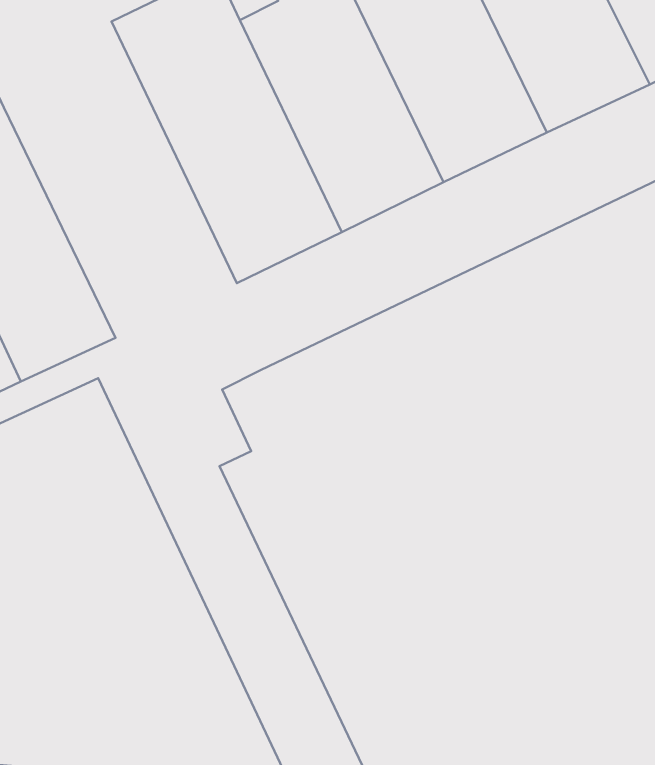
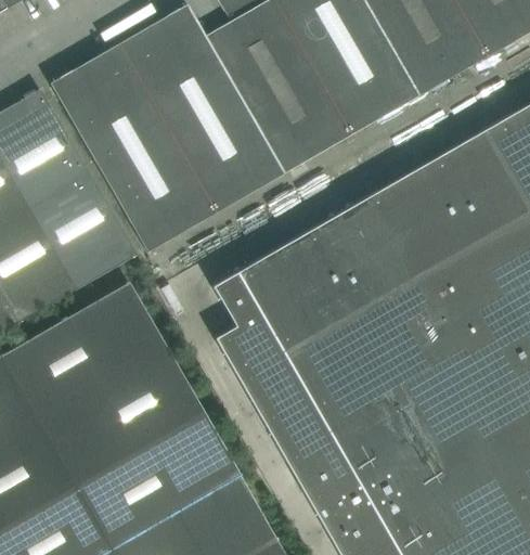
building: none -> [50,43,217,253]

